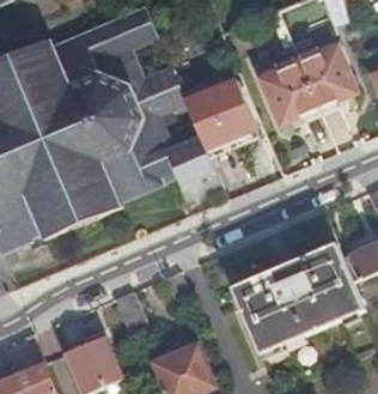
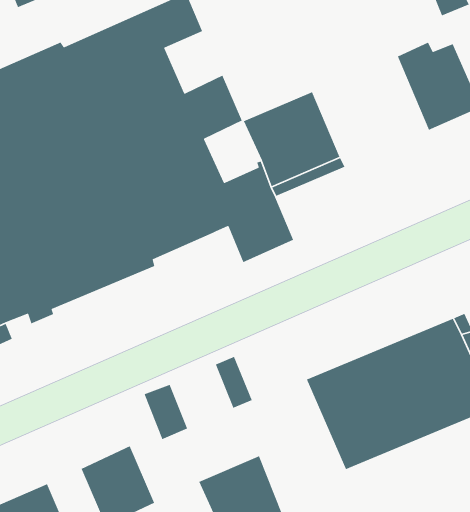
building: [260,54,318,125] -> none

